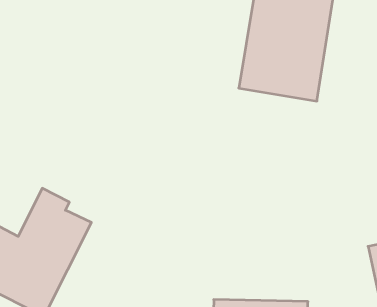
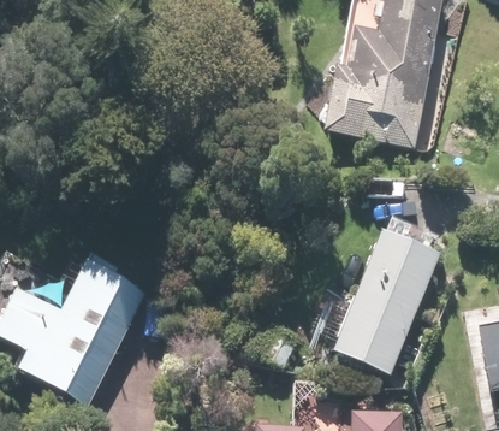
building: none -> [331,219,448,376]

